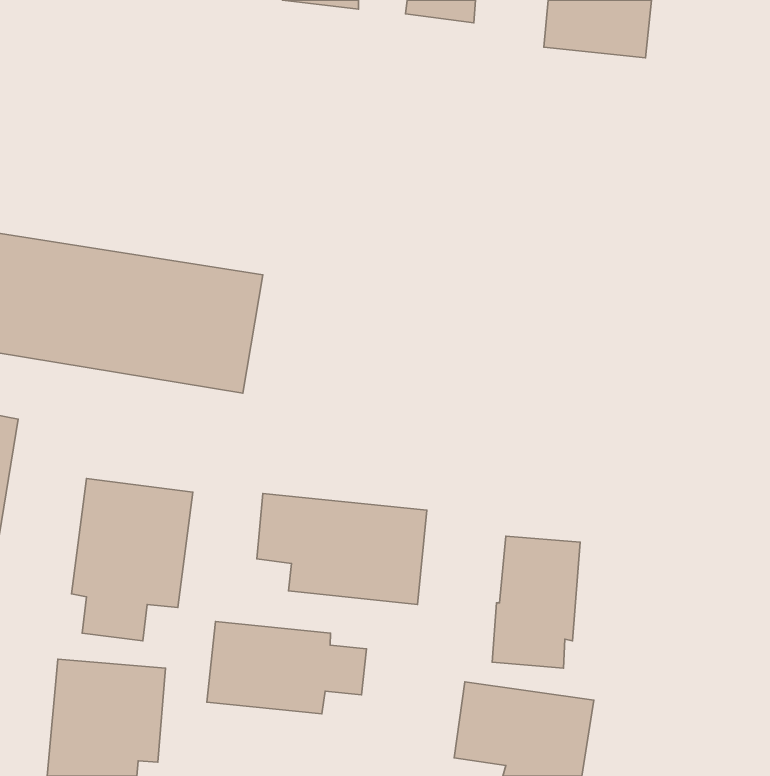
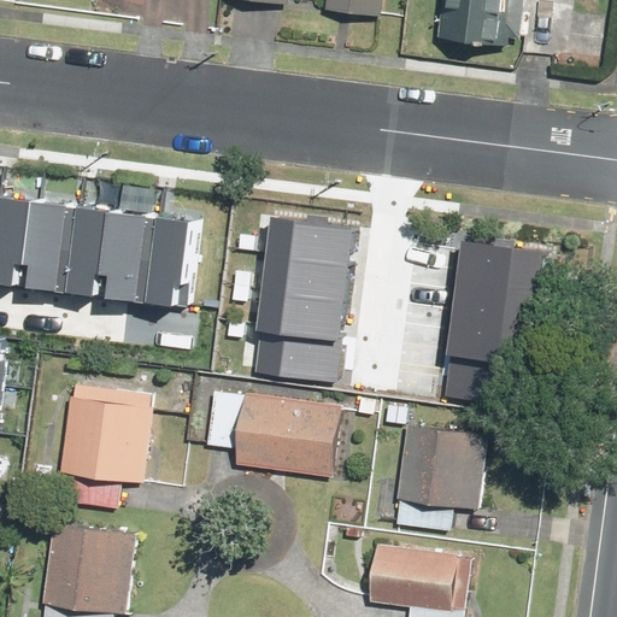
building: none -> [259,213,357,374]
building: none -> [443,242,541,402]
building: [207,622,367,714] -> none

